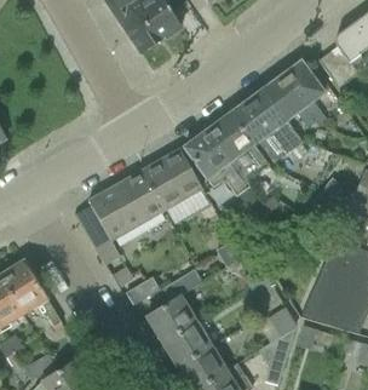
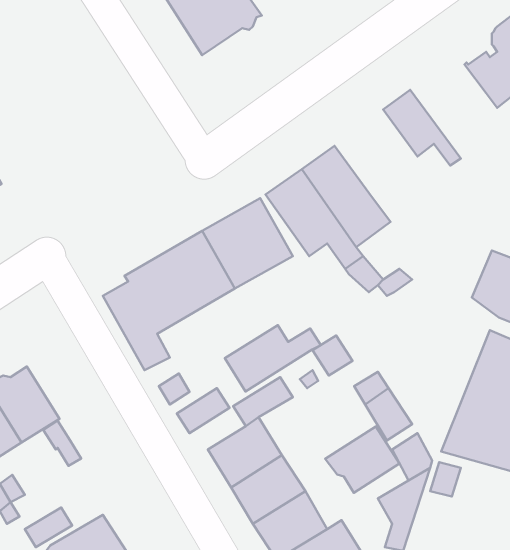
building: [281,62,326,127] -> none
building: [230,90,301,162] -> none
building: none -> [225,325,321,391]
building: none -> [325,427,400,493]

